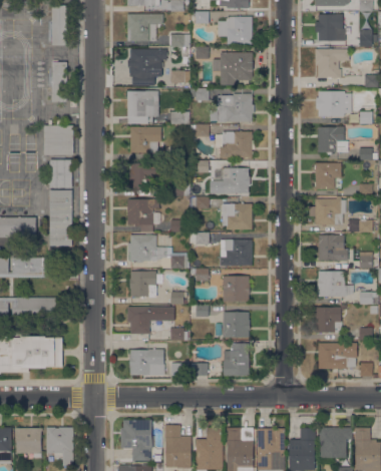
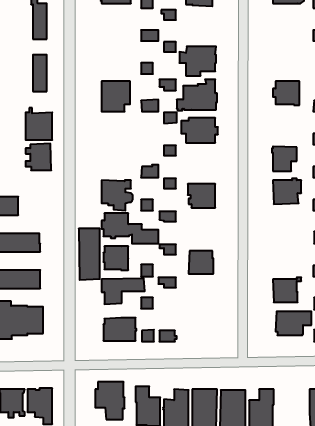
building: [127,14,163,41] -> none
building: [318,14,345,41] -> none
building: [218,17,252,44] -> none
building: [129,49,162,84] -> none
building: [314,49,349,78] -> none
building: [318,126,348,152] -> none
building: [130,127,161,153] -> none
building: [129,163,161,190] -> none
building: [216,168,249,194] -> none
building: [49,190,72,247] -> [79,229,100,280]
building: [318,236,348,261] -> none
building: [221,240,252,266] -> none
building: [317,272,354,297] -> none
building: [223,312,250,338] -> none
building: [224,344,249,377] -> none
building: [319,427,352,458] -> none

